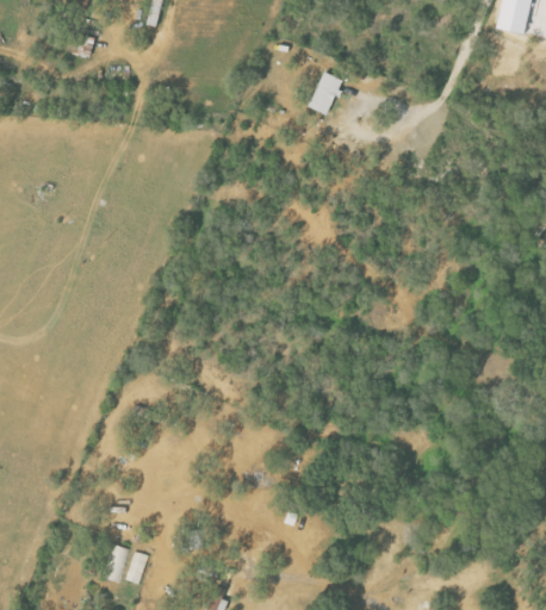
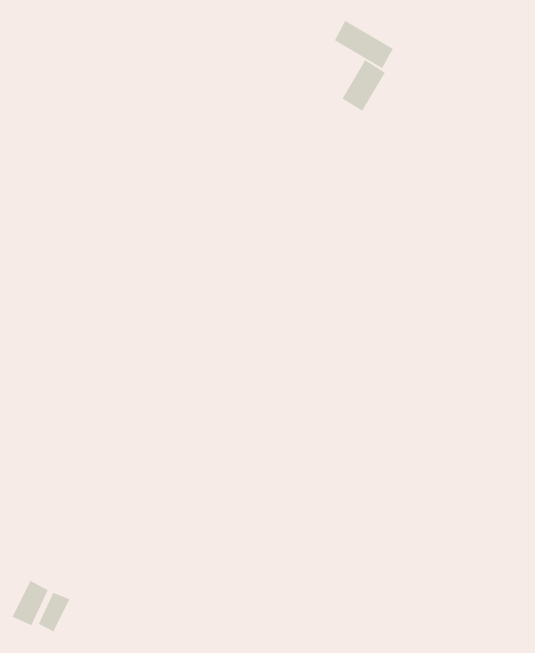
building: none -> [334,20,394,69]

